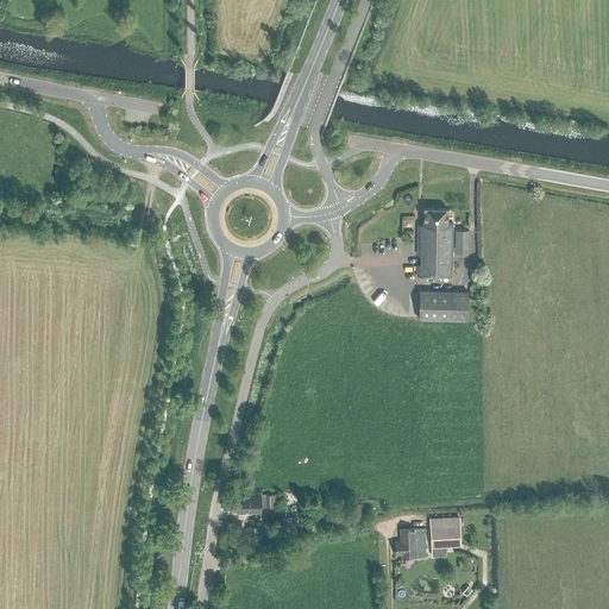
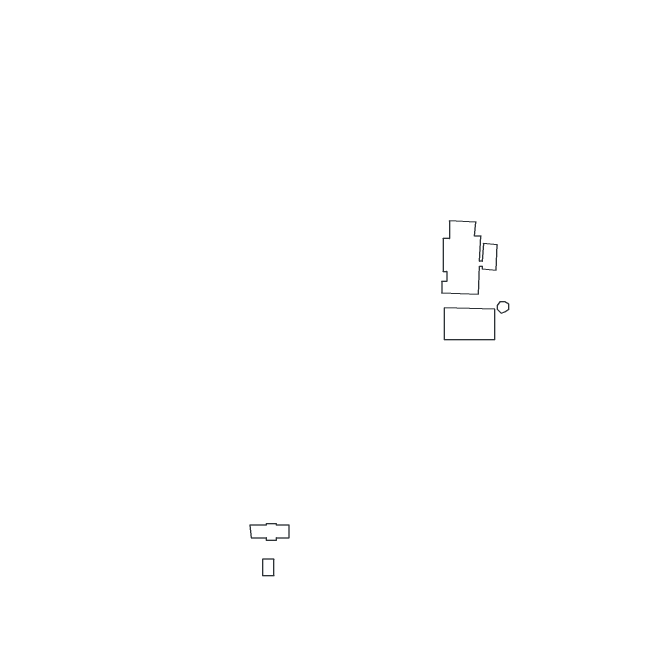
building: [429,517,462,548] -> none
building: [395,529,426,558] -> none

